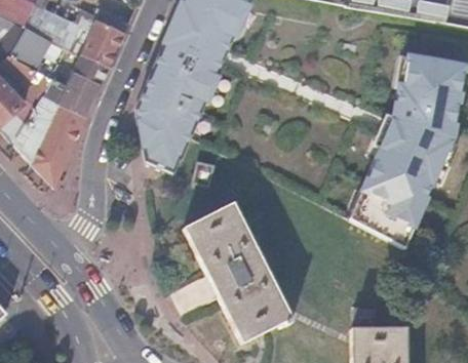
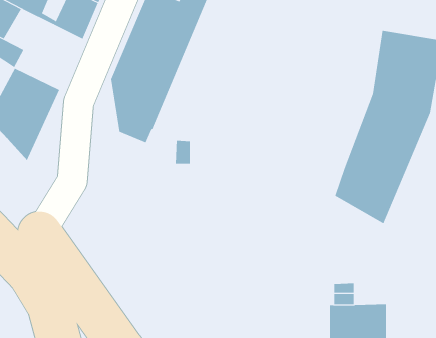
building: [44,52,111,116] -> none
building: [188,202,292,341] -> none

